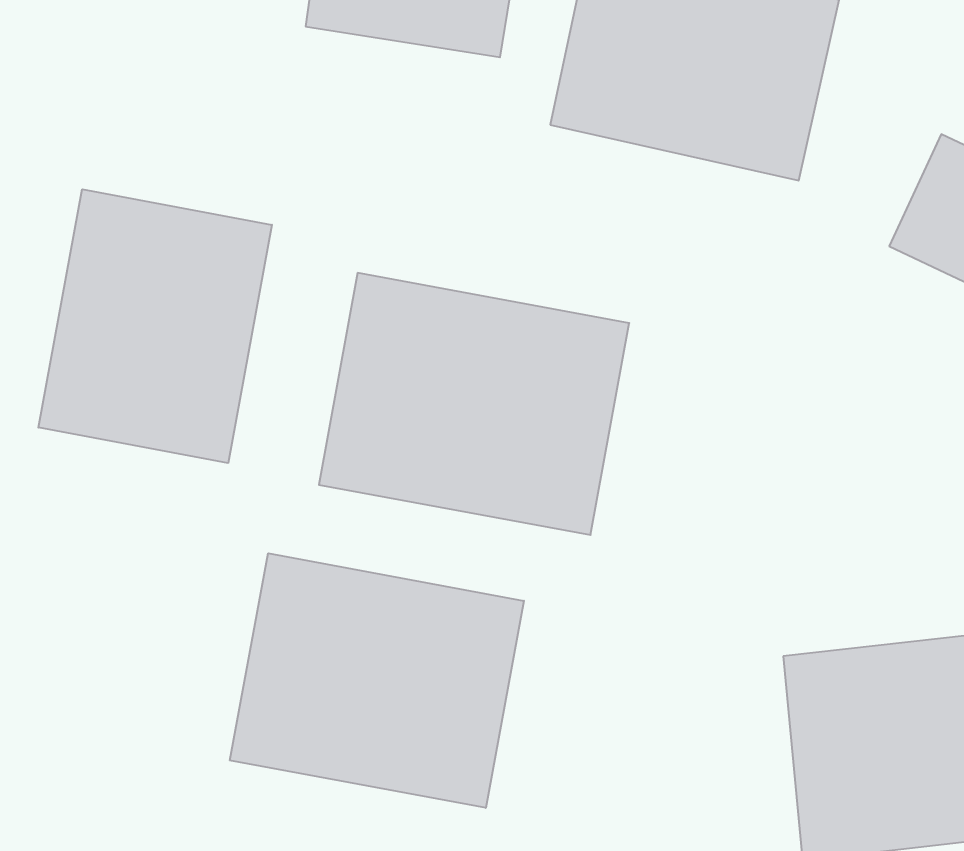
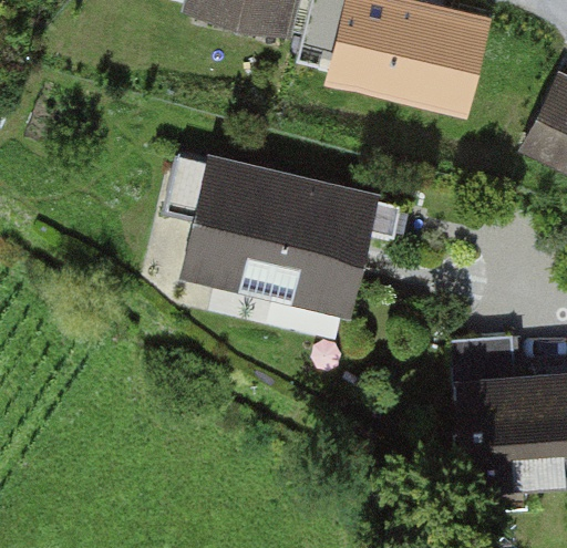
building: [38,189,272,463] -> none
building: [230,553,524,808] -> none

